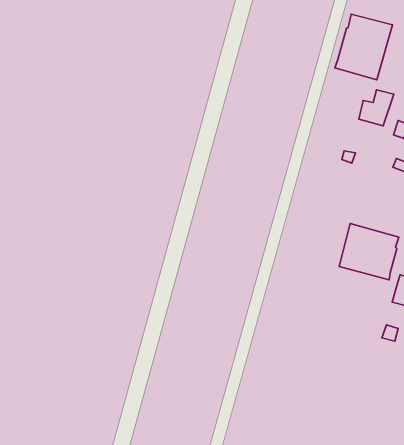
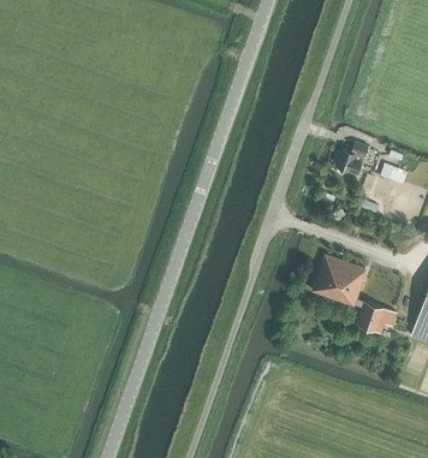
building: [335,14,392,80] -> none

